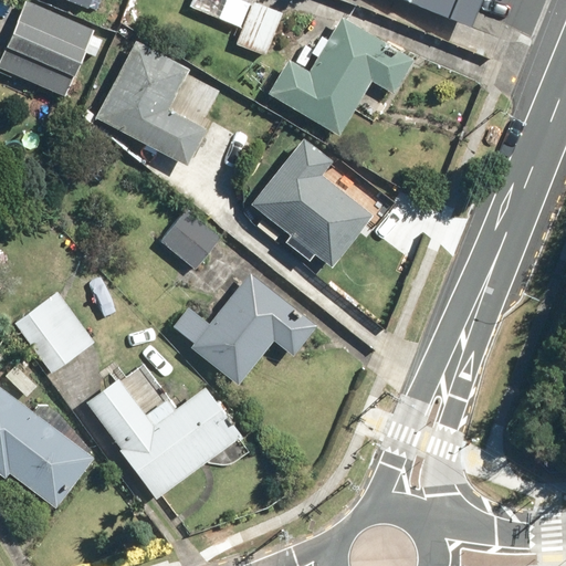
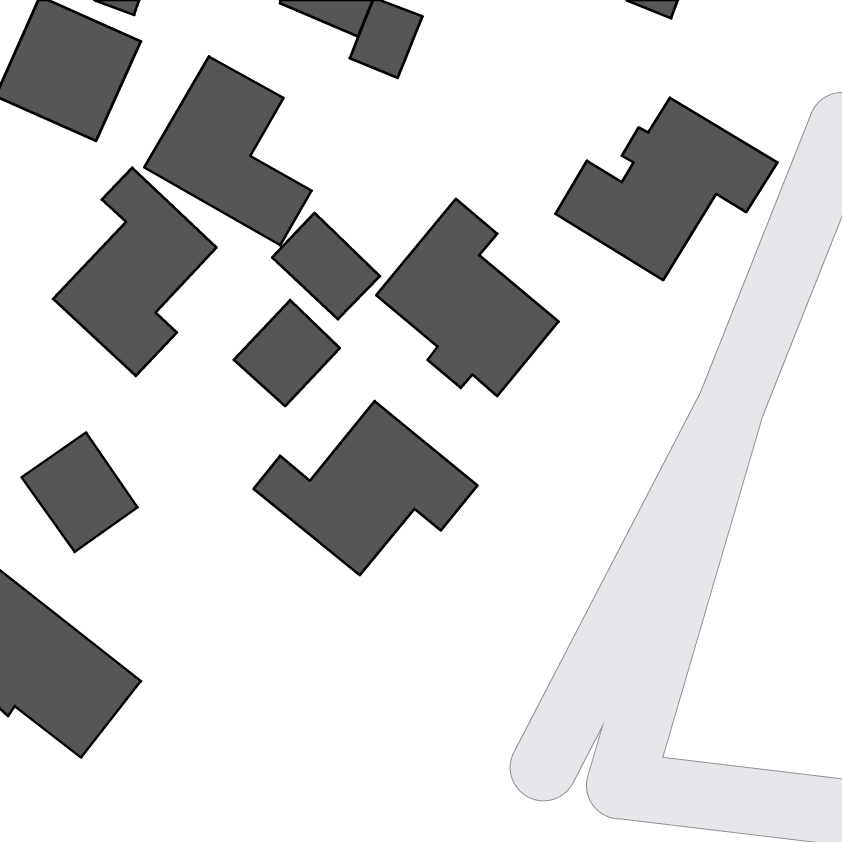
building: [265,15,413,137] -> [555,98,778,280]
building: none -> [53,168,216,376]
building: none -> [272,213,380,319]
building: [84,374,243,500] -> none

